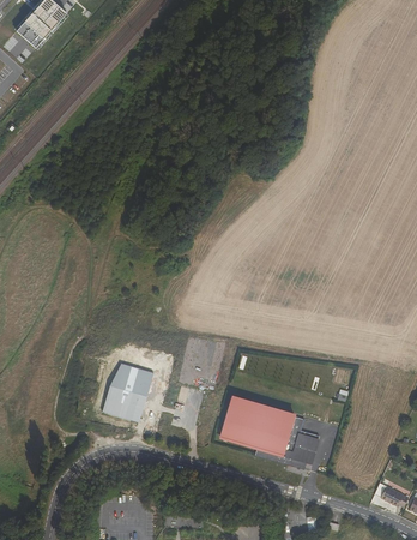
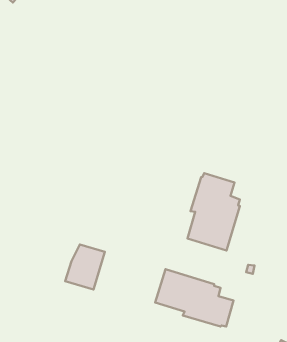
building: none -> [187,173,240,250]

